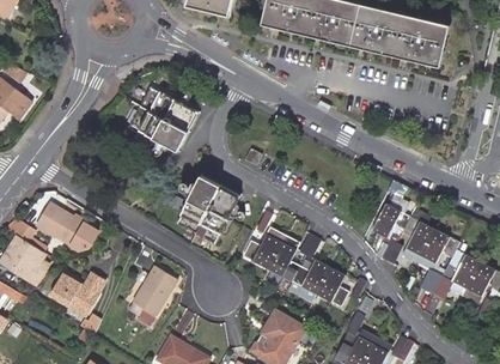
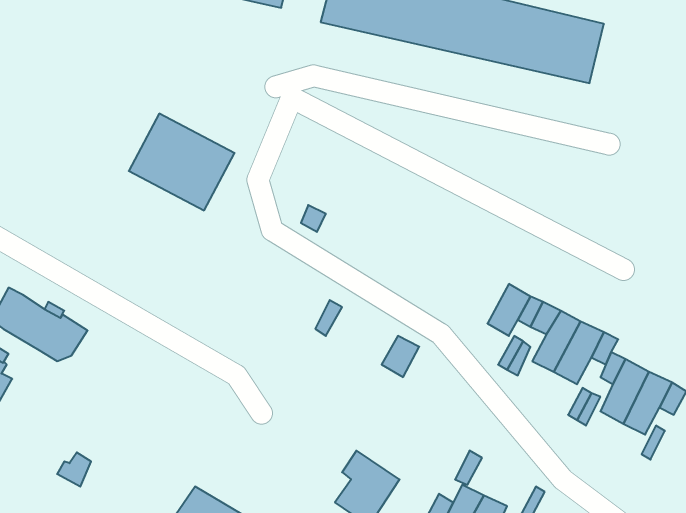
building: [172,174,236,242] -> none
building: [238,228,350,310] -> none
building: [126,266,173,326] -> none
building: [48,271,102,315] -> none

